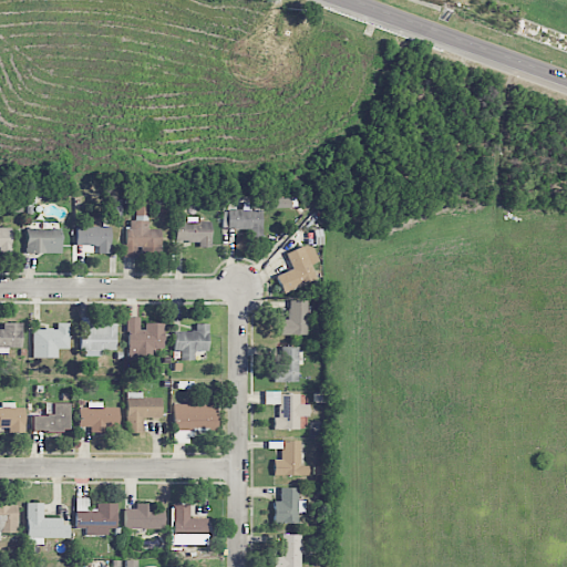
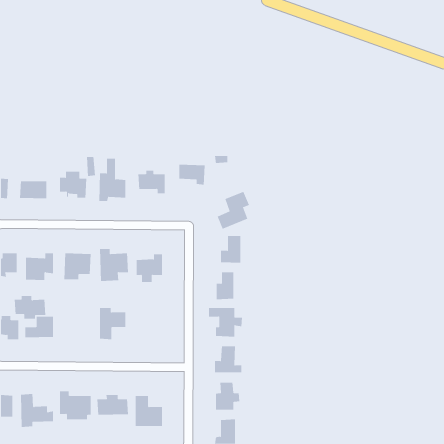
building: [79,402,120,432] -> [14,296,46,319]
building: [174,403,218,443] -> none

